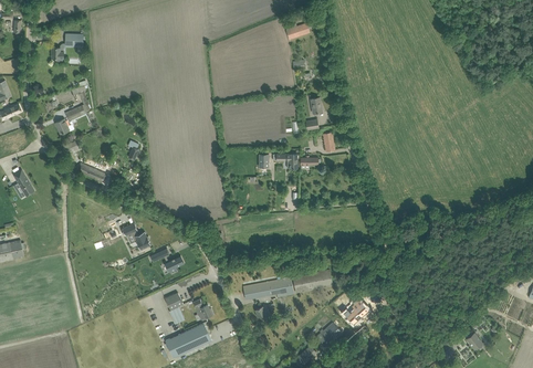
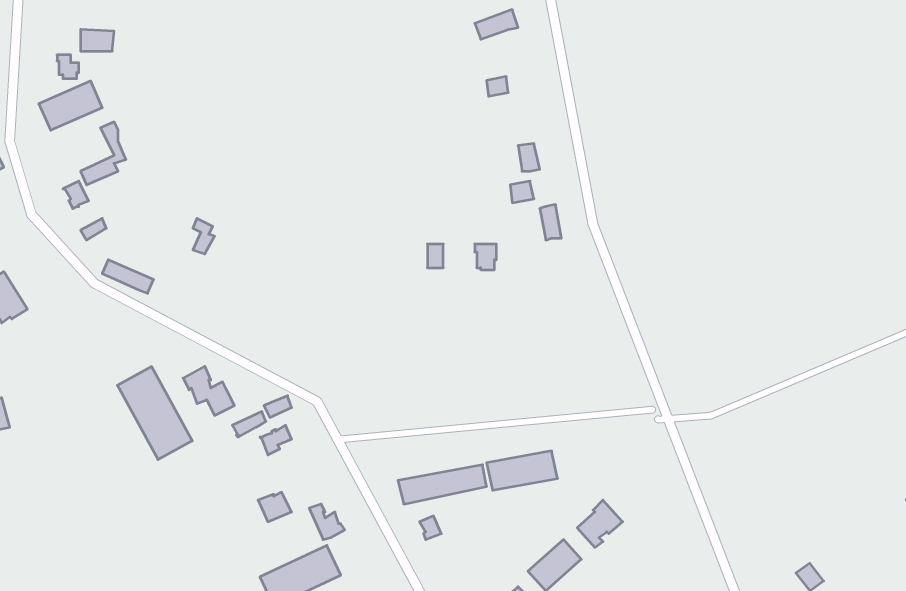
building: none -> [39,81,102,130]
building: none -> [117,367,192,460]

